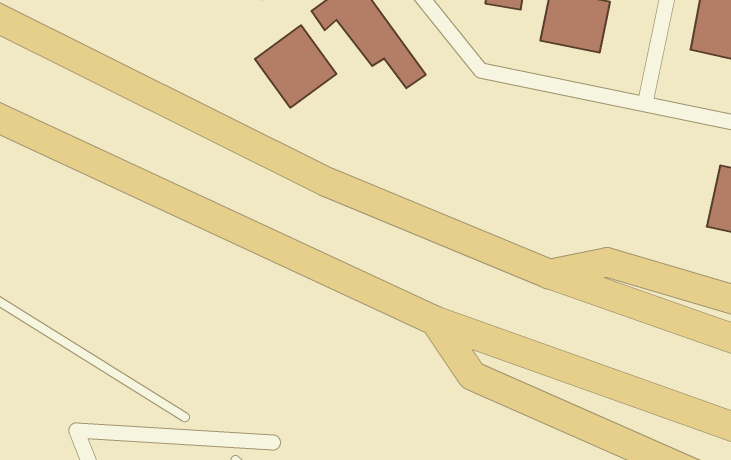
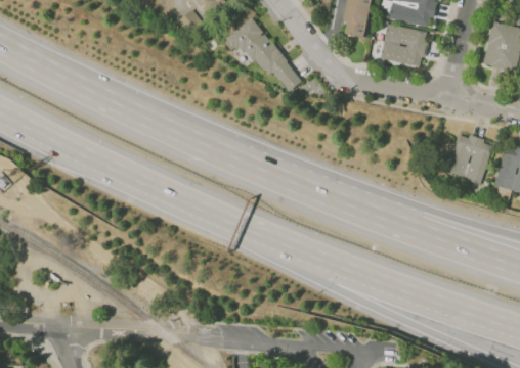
building: [255,25,336,108] -> none
building: none -> [445,133,491,184]

